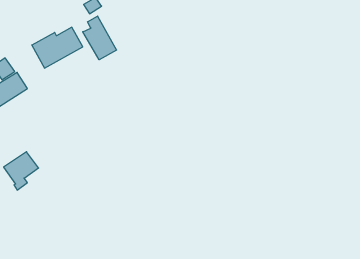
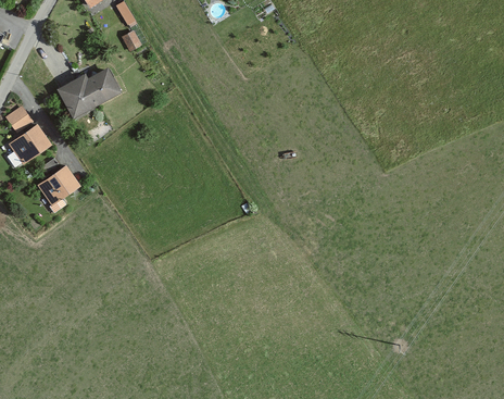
building: [83,16,117,60] -> none
building: [4,152,39,190] -> [36,164,80,213]

